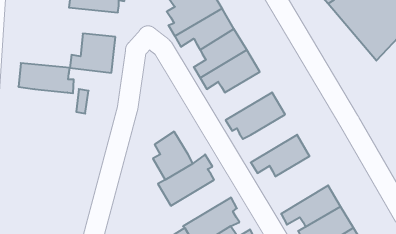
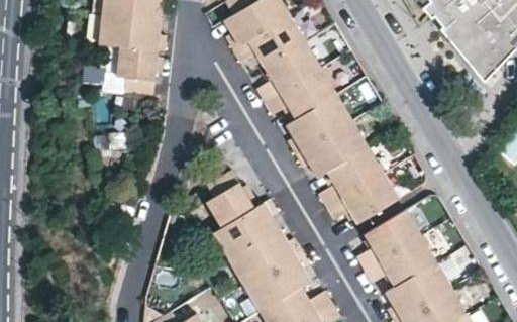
building: [18,63,74,93] -> [98,14,167,51]
building: none -> [285,94,352,153]
building: none -> [318,146,384,206]
building: none -> [355,209,422,270]
building: none -> [227,227,302,285]

